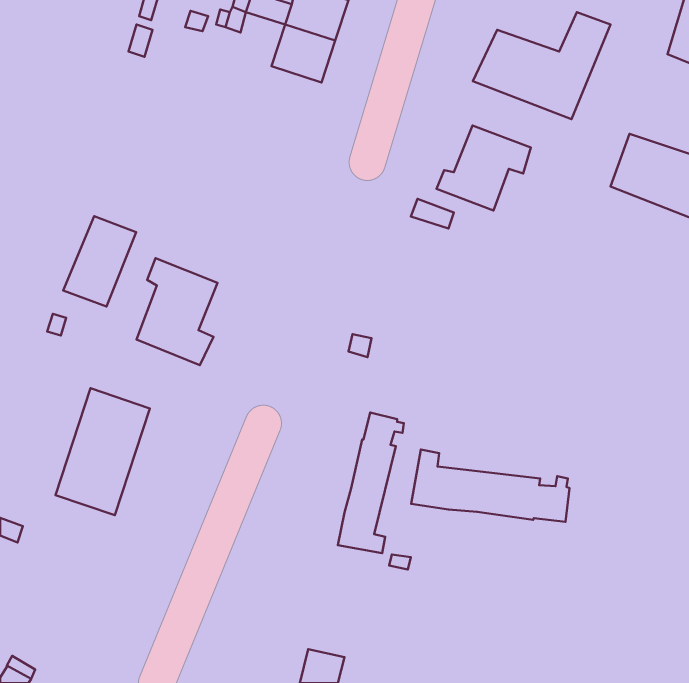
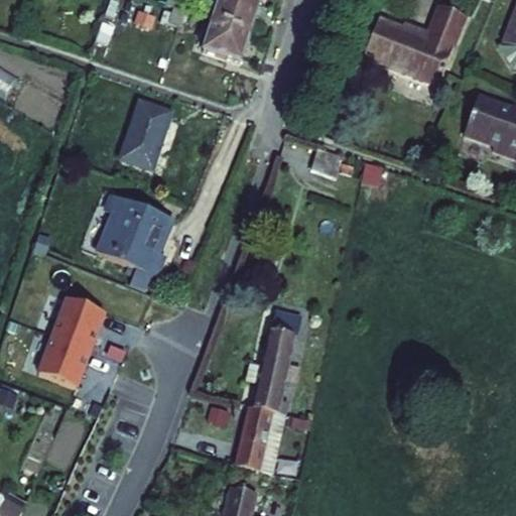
building: [437,126,531,211] -> none
building: [63,216,136,307] -> [118,92,172,159]
building: [411,449,569,522] -> none
building: none -> [236,405,286,471]

